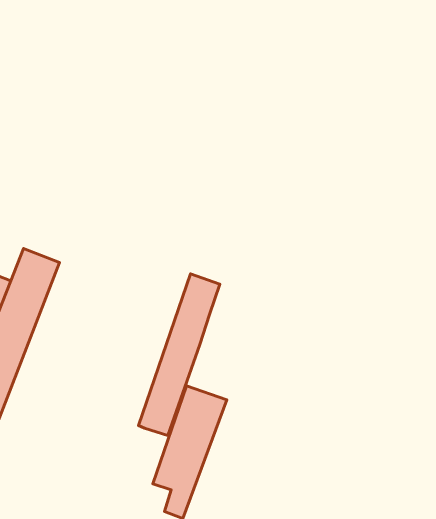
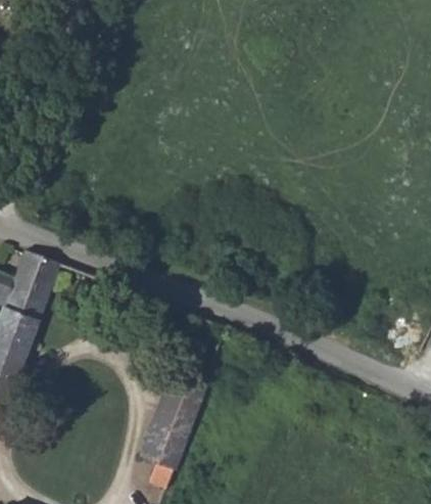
building: [138,274,220,436] -> none

